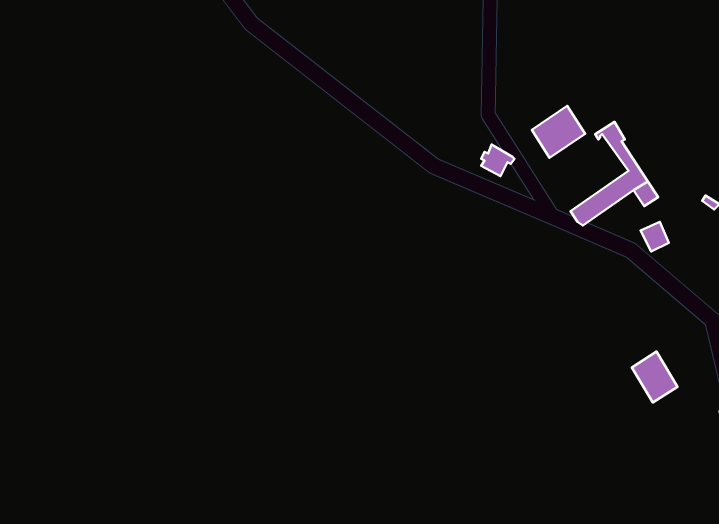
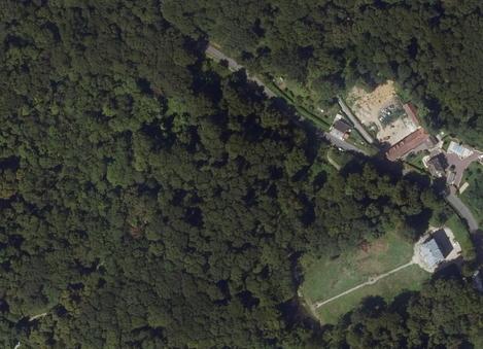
building: [532,106,585,158] -> none

